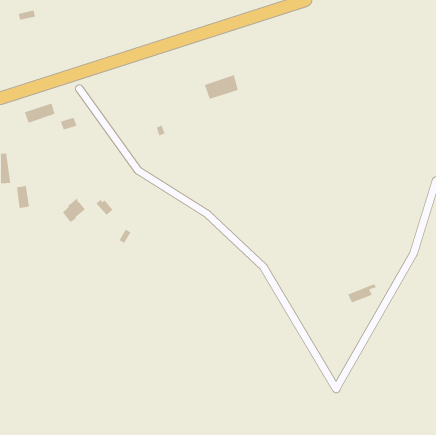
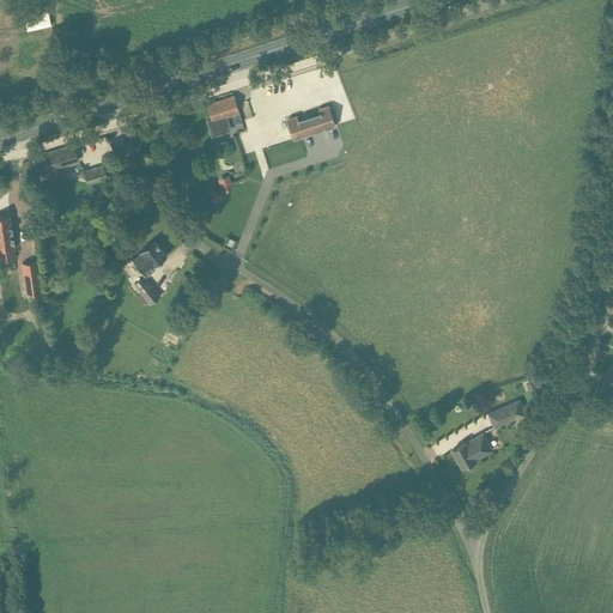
building: none -> [207,96,242,136]
building: [62,198,86,223] -> [133,239,166,275]
building: none -> [451,433,492,468]

